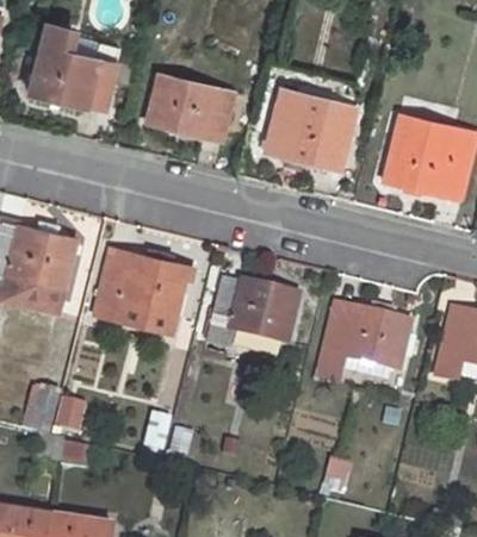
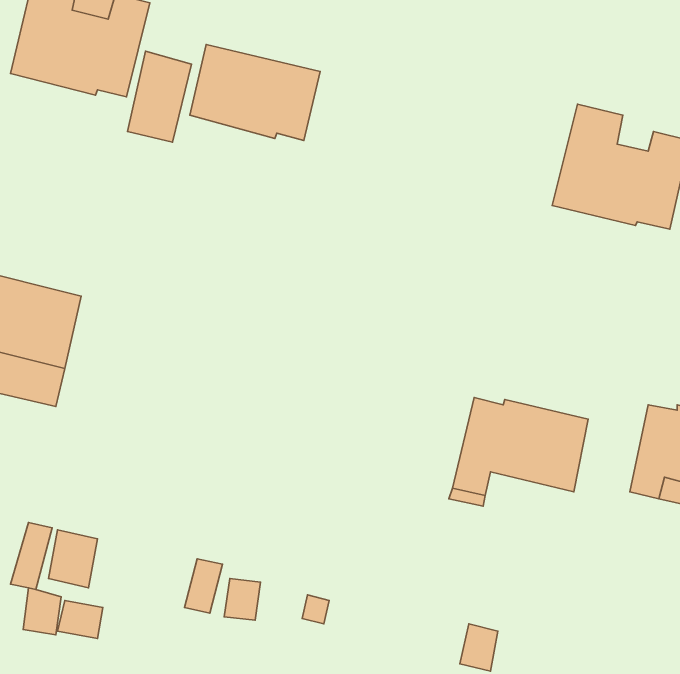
building: none -> [128,51,191,142]
building: [265,104,355,167] -> none
building: [97,250,186,332] -> none
building: [205,279,297,348] -> none

